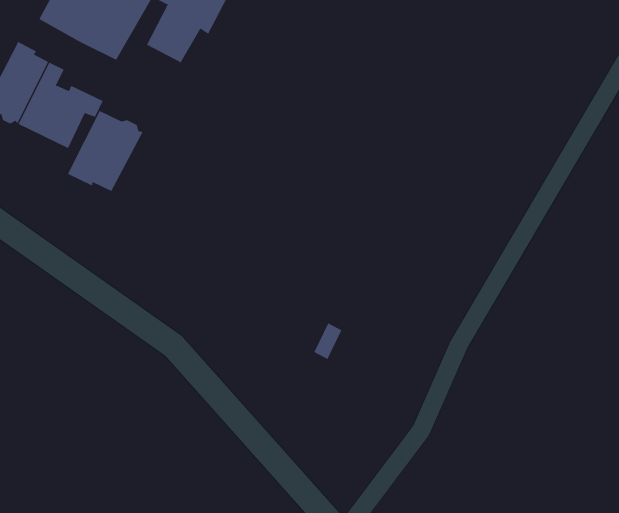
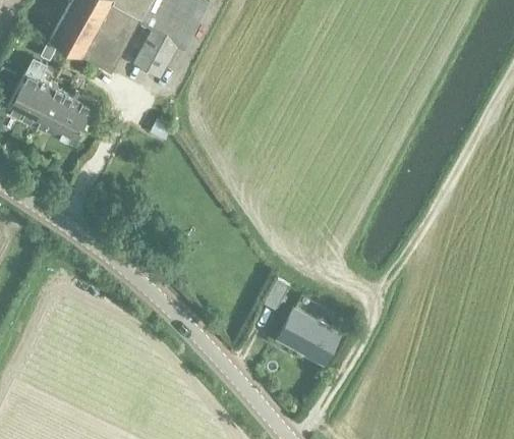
building: [67,110,143,192] -> none
building: none -> [279,310,340,366]

